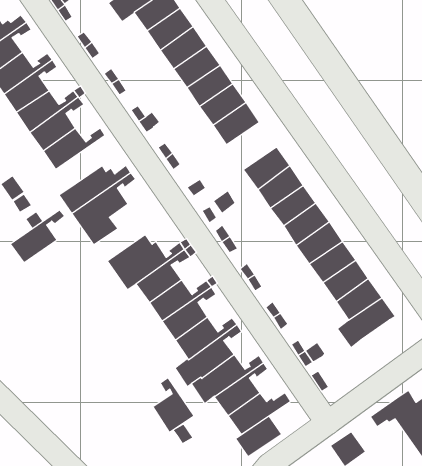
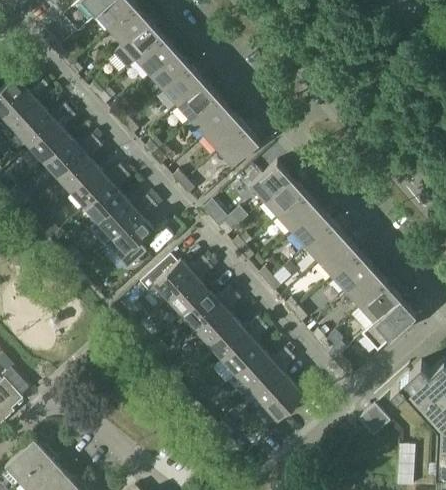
building: [10,210,65,263] -> [84,172,129,223]
building: none -> [362,299,416,351]
building: [153,377,194,432] -> none
building: [235,416,282,457] -> none

